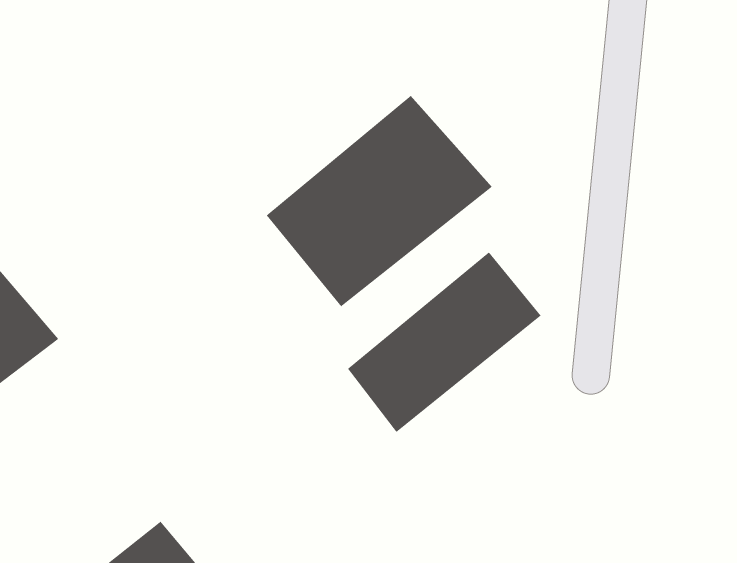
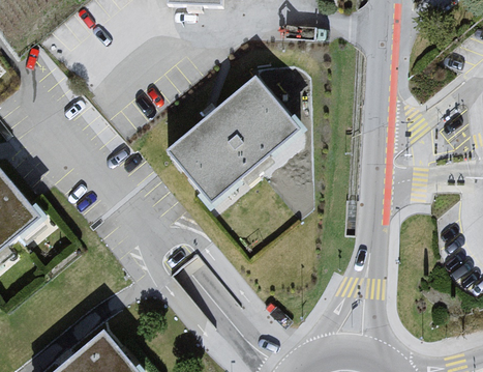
building: [347,251,542,433] -> none

